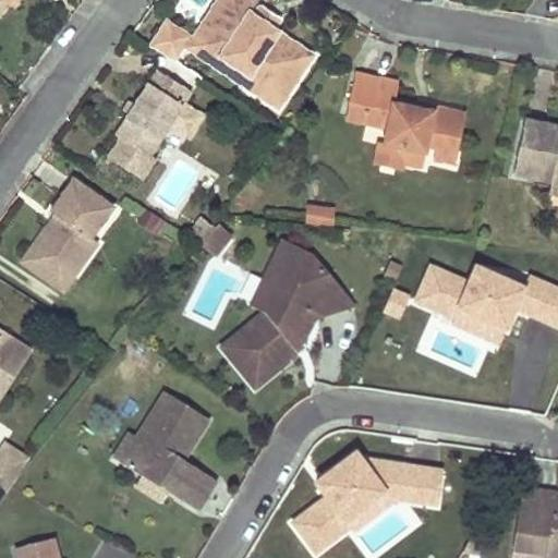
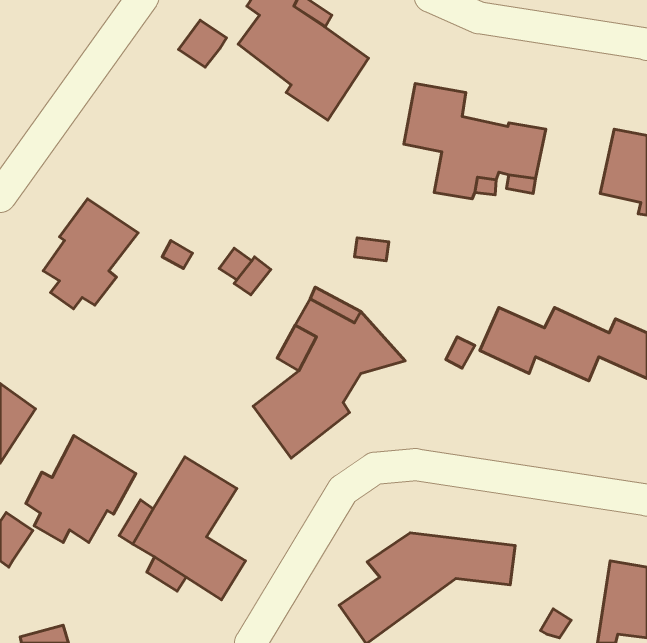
building: [190,5,251,80] -> none
building: [108,64,196,178] -> none
building: [22,233,82,286] -> none
building: none -> [26,435,136,543]

